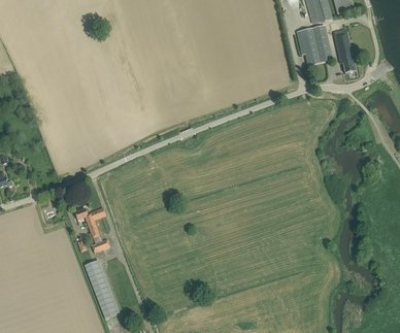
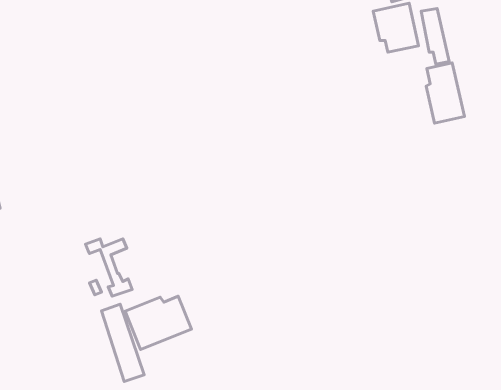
building: none -> [426,63,464,123]
building: none -> [125,296,192,350]

